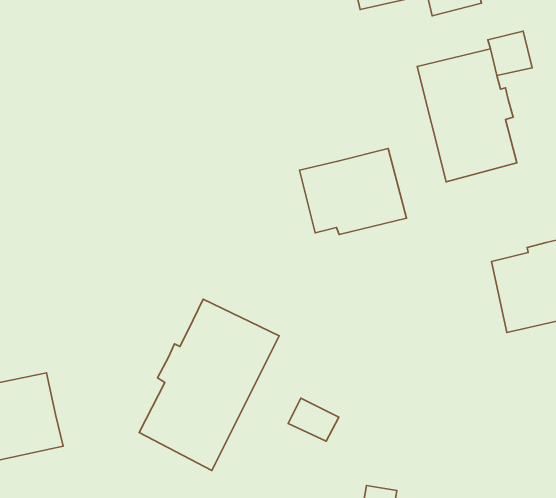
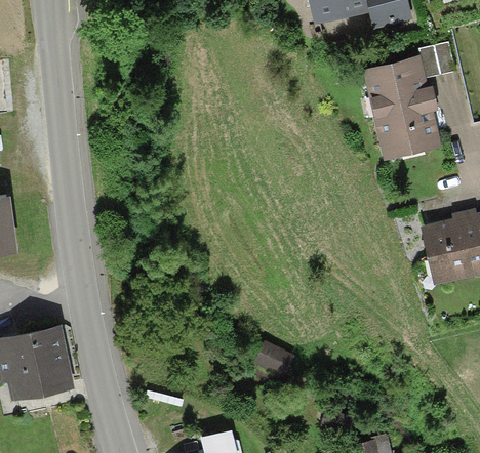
building: [299,148,406,234] -> none
building: [139,299,279,470] -> none

